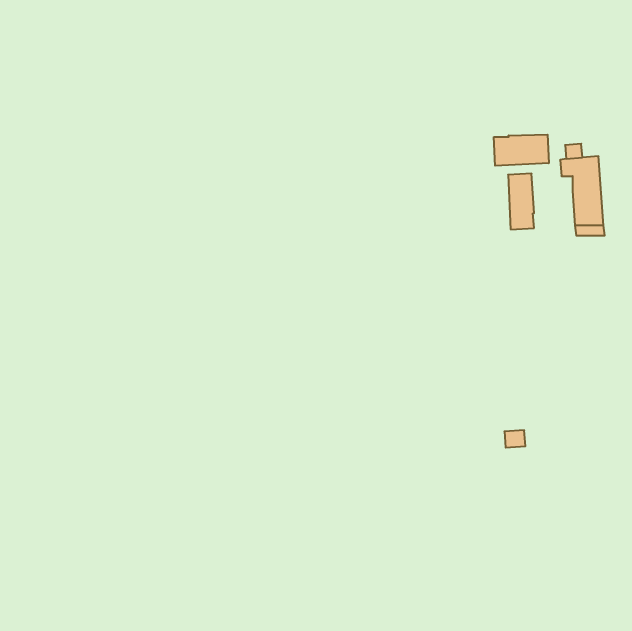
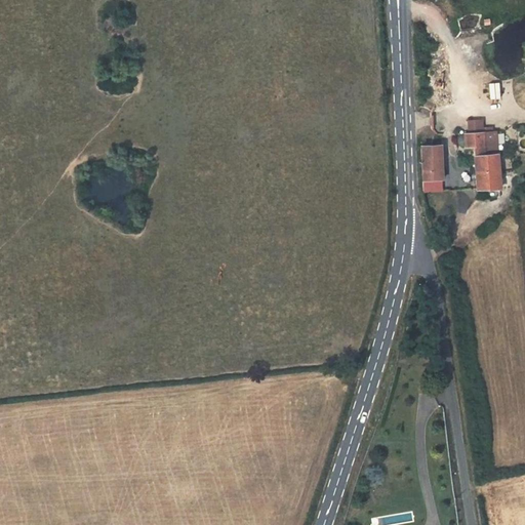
building: [494,135,549,166] -> none

